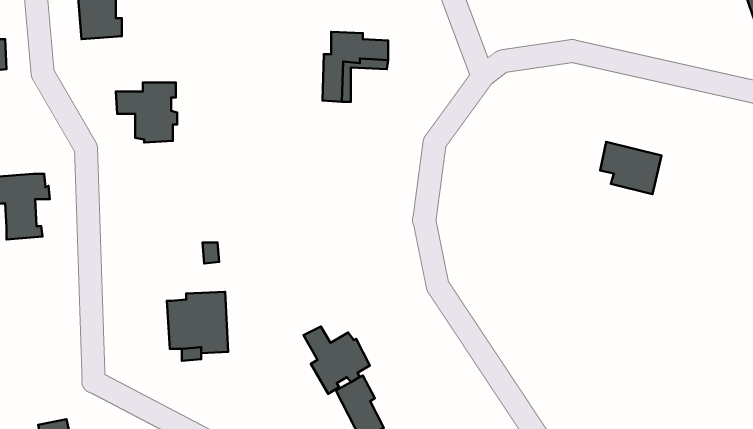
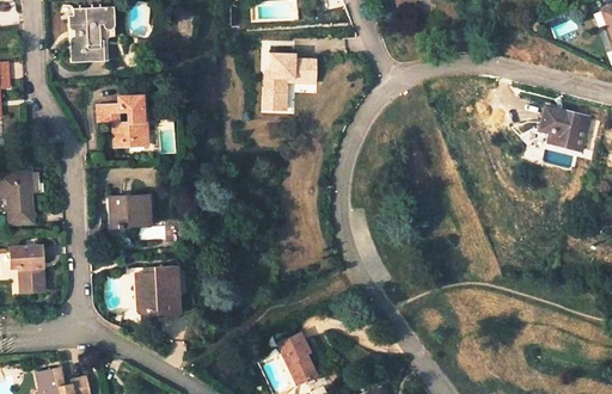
building: [600,142,662,194] -> [536,109,585,150]
building: none -> [111,193,153,226]
building: none -> [12,244,47,290]
building: [304,327,370,394] -> none

